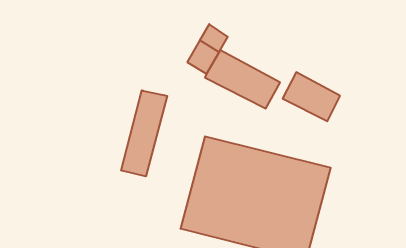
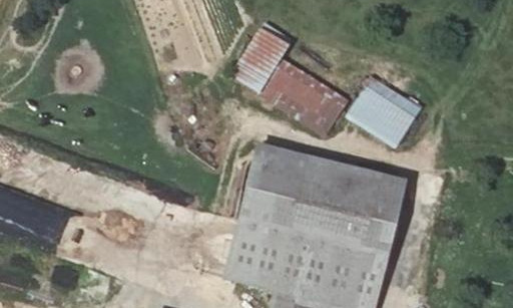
building: [121,90,167,176] -> none
building: none -> [254,141,410,204]

